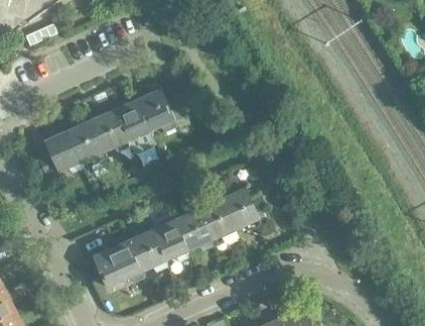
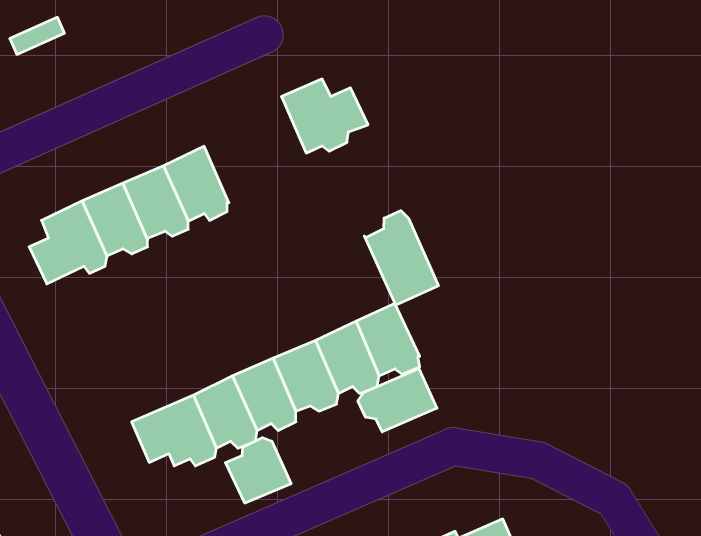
building: [136,89,185,131] -> [281,79,368,153]
building: none -> [364,211,438,305]
building: none -> [358,368,437,432]
building: none -> [225,438,291,503]

